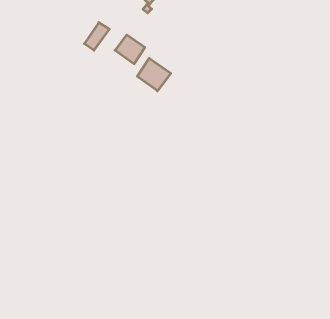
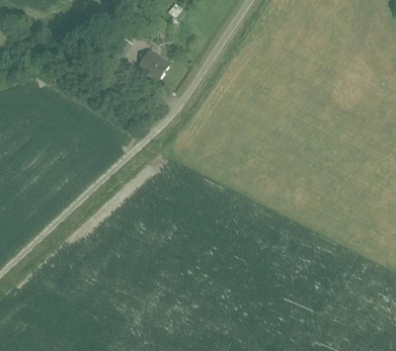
building: [137,58,171,91] -> none

